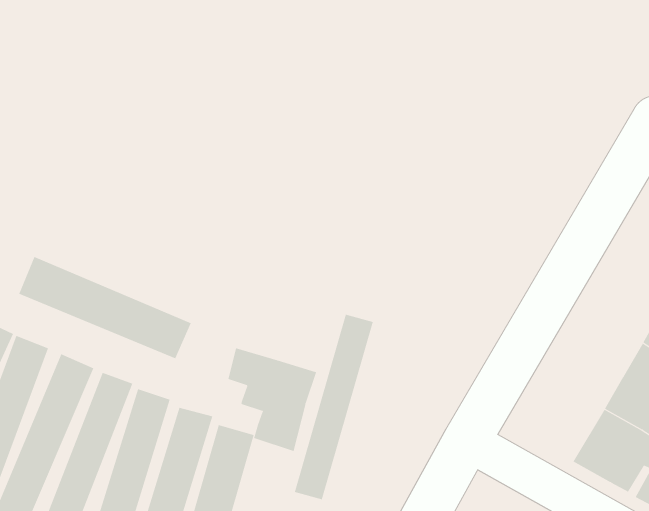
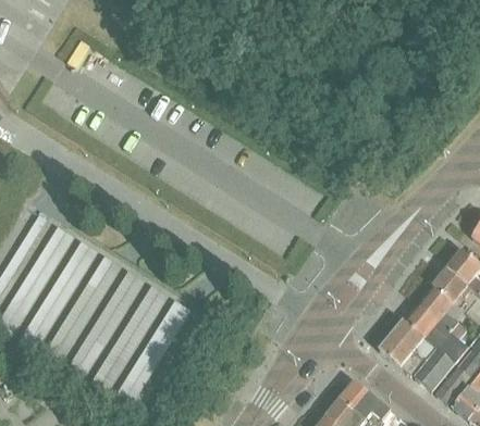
building: [19,256,192,359] -> none
building: [294,314,374,500] -> none
building: [228,347,317,452] -> none

